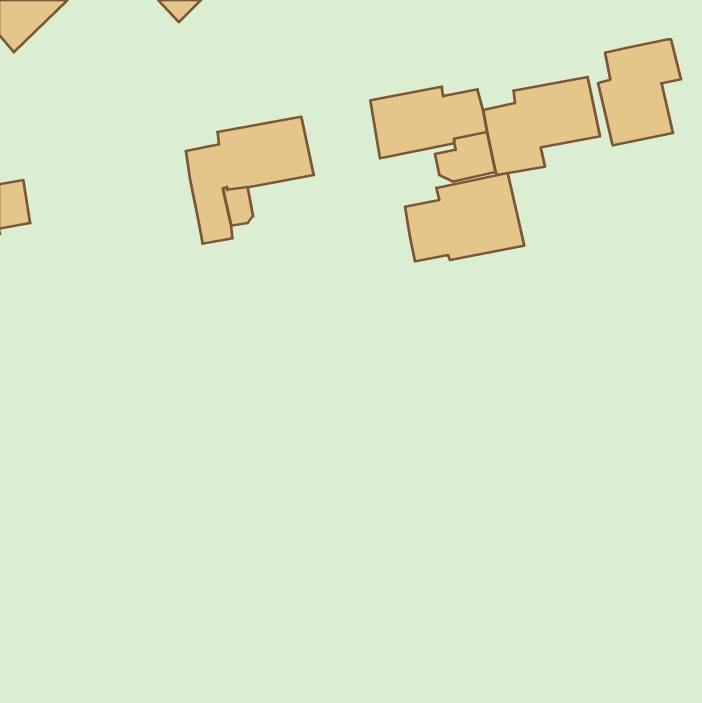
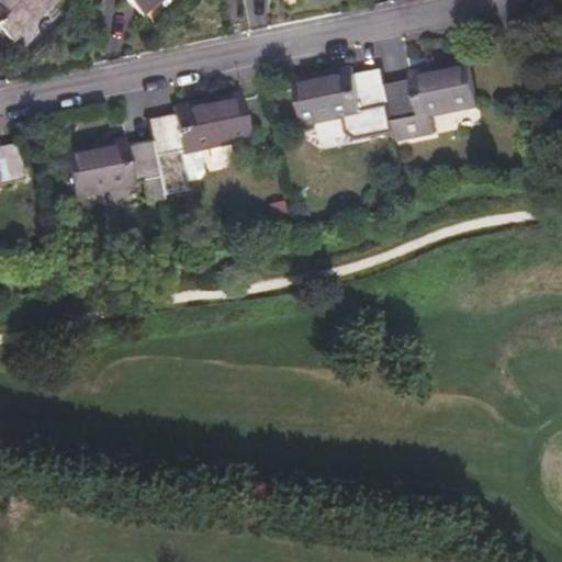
building: [598,39,681,145] -> none
building: [405,173,524,261] -> none
building: none -> [64,139,158,198]

